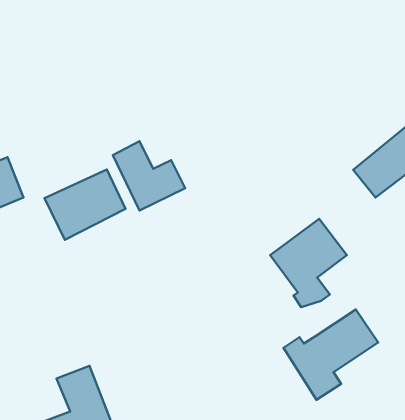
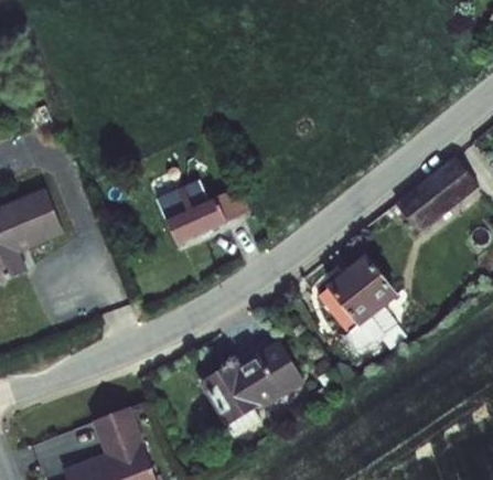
building: [44,170,126,240] -> none
building: [284,309,378,400] -> [201,340,299,434]

